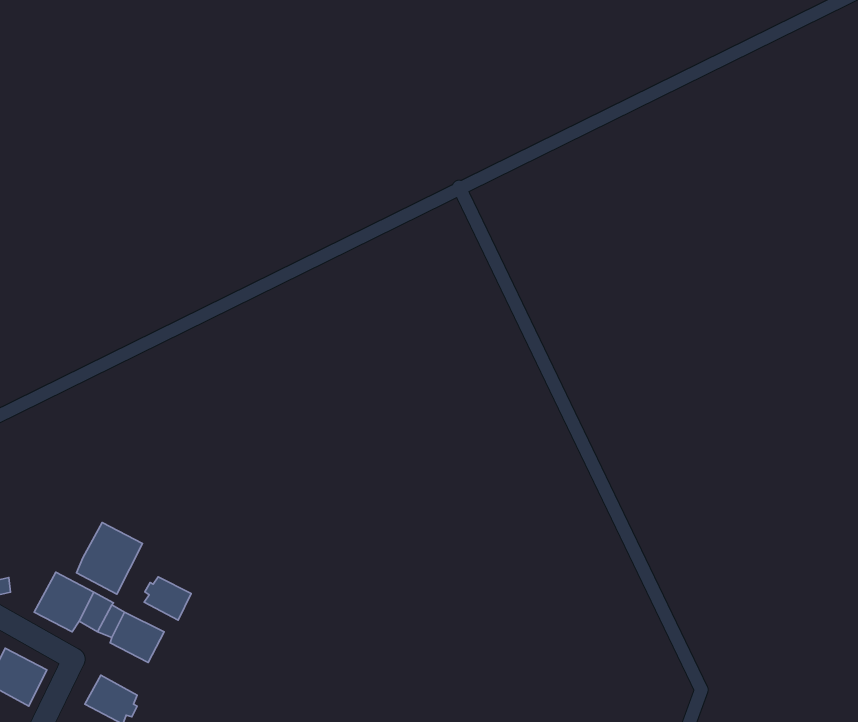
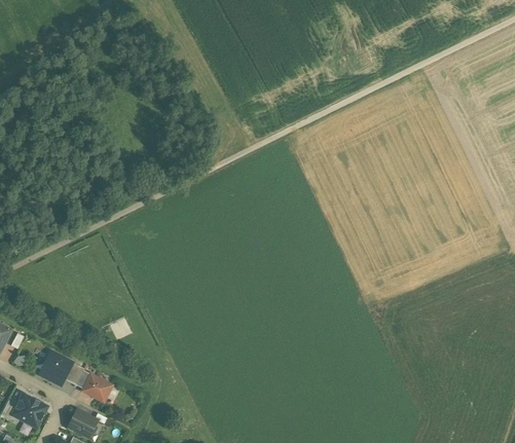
building: [77,522,142,594] -> none
building: [144,577,191,620] -> none

